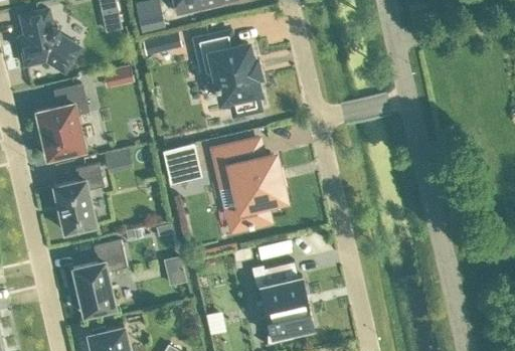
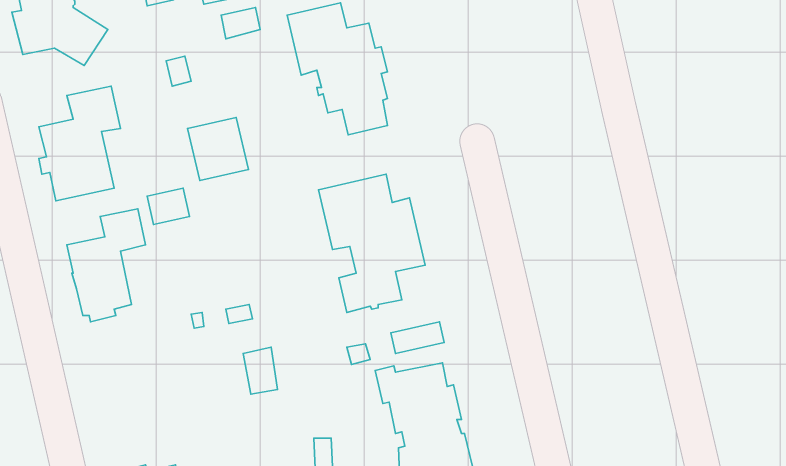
building: [162,144,201,184] -> [187,118,249,181]
building: [72,240,127,315] -> none

